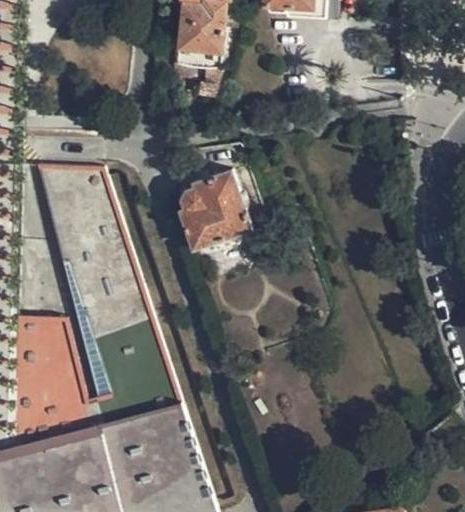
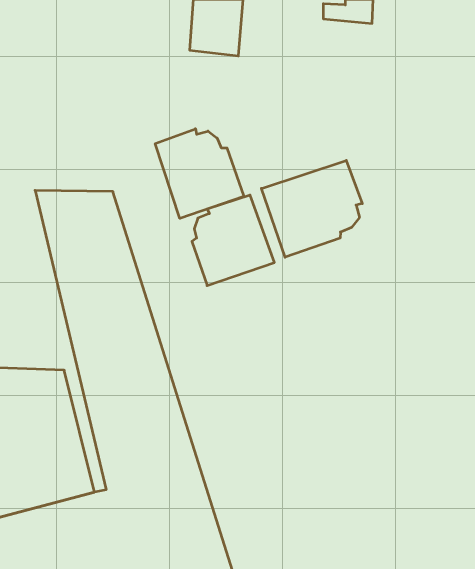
building: none -> [155,129,244,218]
building: none -> [261,160,362,257]

